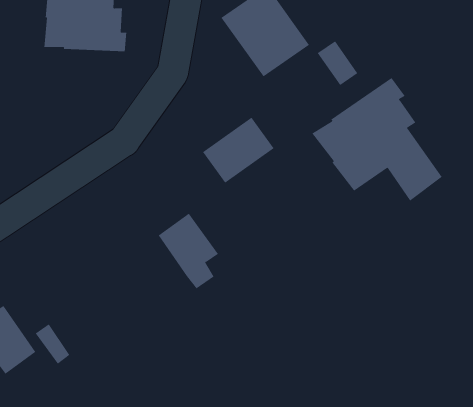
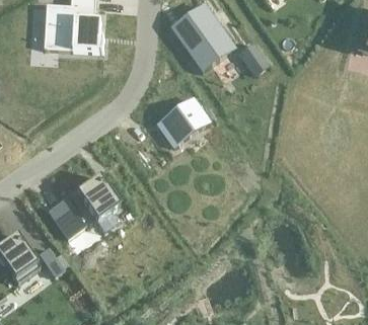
building: [312,77,443,202] -> none
building: [158,213,219,289] -> [75,175,119,230]
building: none -> [46,197,84,240]

